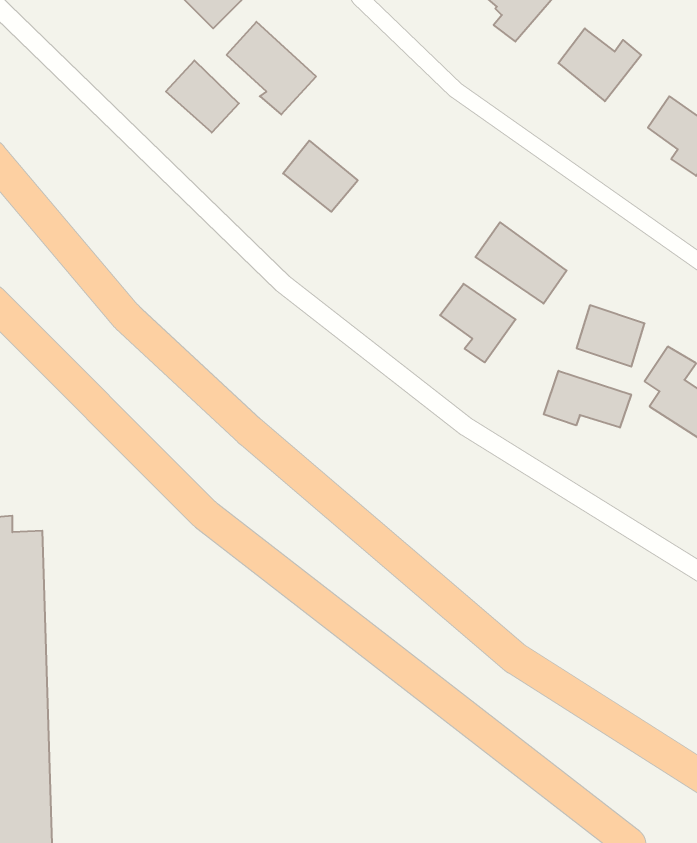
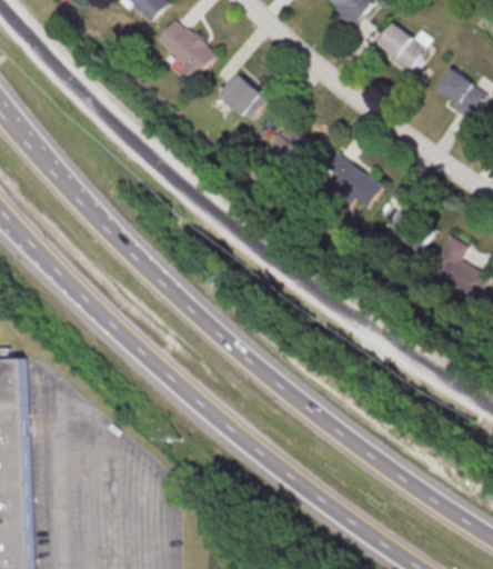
building: [166,60,239,133] -> none
building: [283,141,358,212] -> [215,70,265,118]
building: [440,284,516,362] -> none
building: [544,371,631,428] -> none

